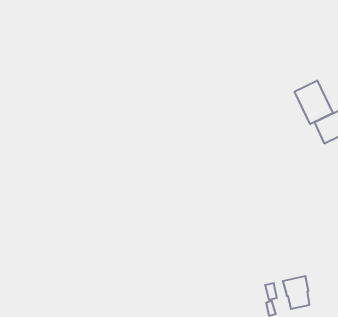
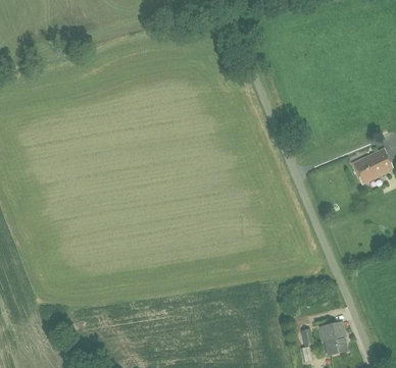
building: [295,80,333,124] -> none

